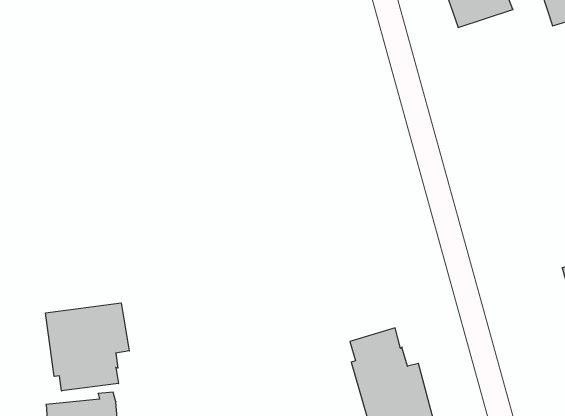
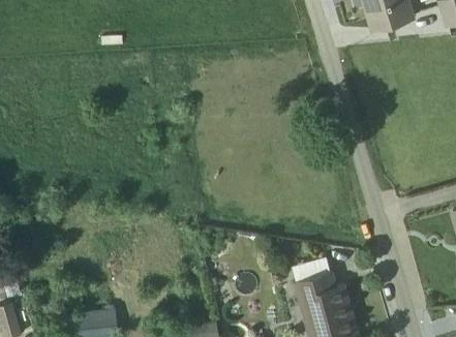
building: [46,303,129,391] -> none

